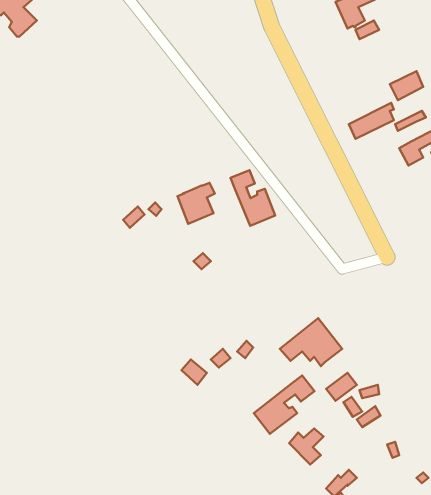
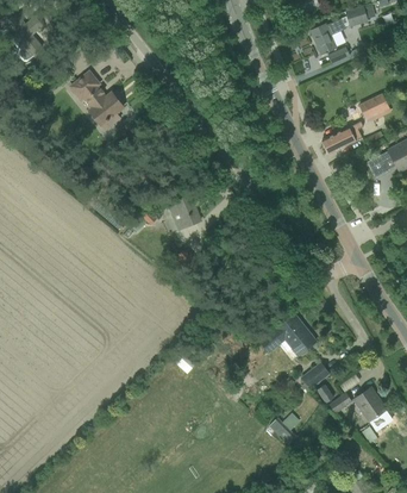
building: none -> [69,70,126,131]
building: [231,170,275,226] -> none
building: [254,375,314,434] -> none
building: none -> [355,389,387,422]

